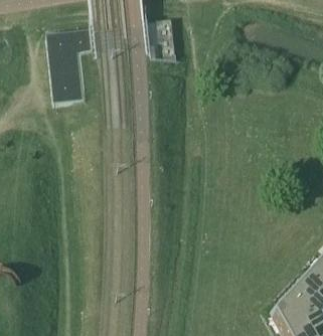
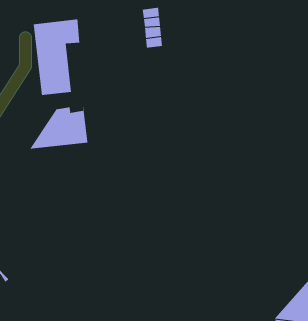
building: none -> [24,105,89,158]

